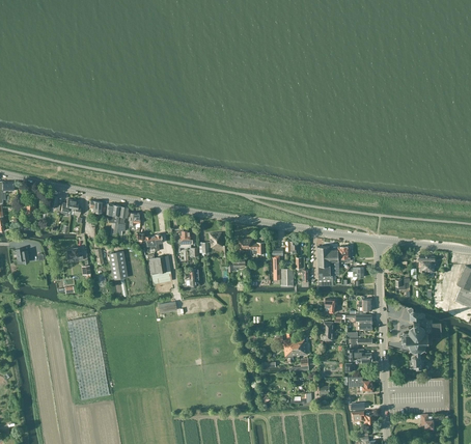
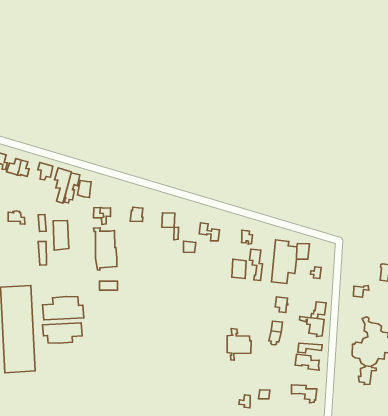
building: none -> [43,297,84,320]
building: none -> [42,323,82,343]

